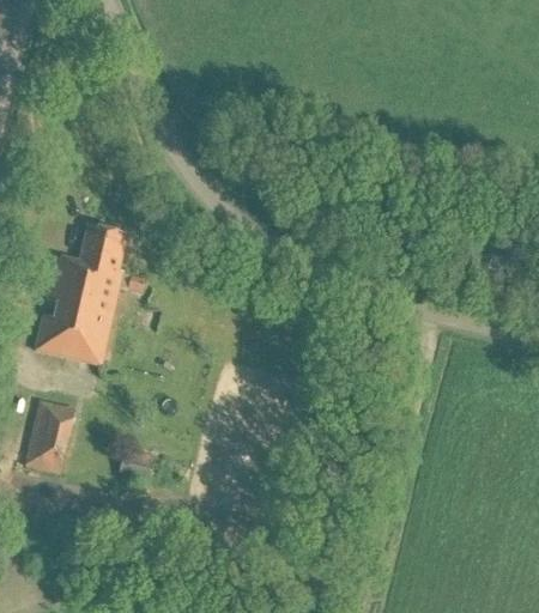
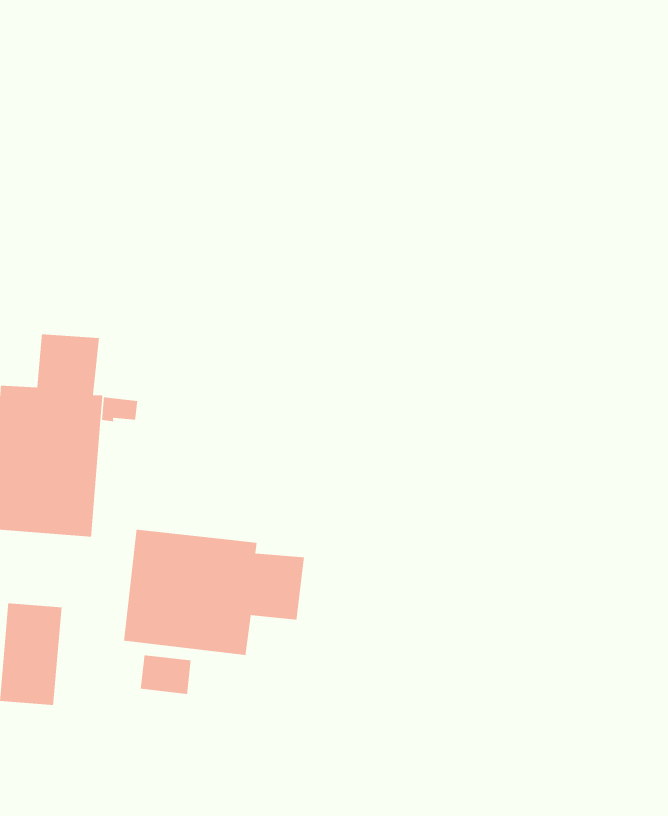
building: none -> [123,529,305,656]

